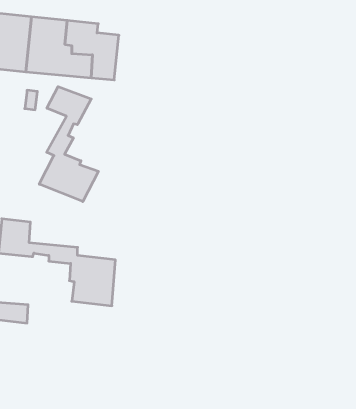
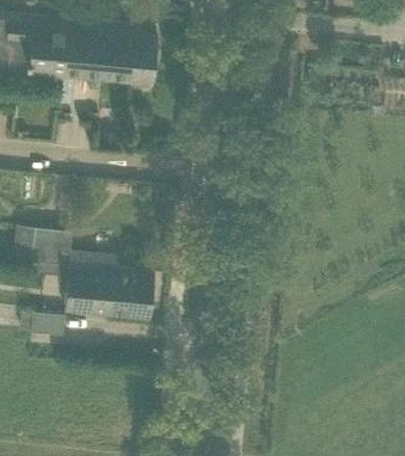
building: [39,87,98,202] -> none
building: none -> [61,265,109,315]

